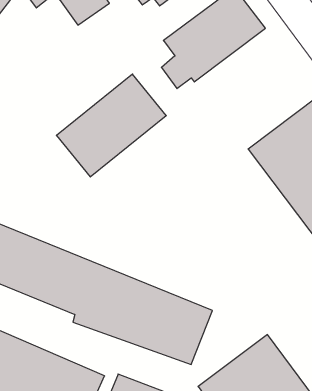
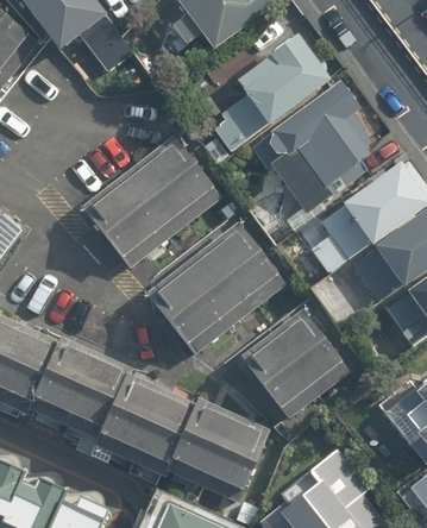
building: none -> [251,78,391,214]
building: none -> [150,225,284,350]
building: none -> [238,307,347,420]

